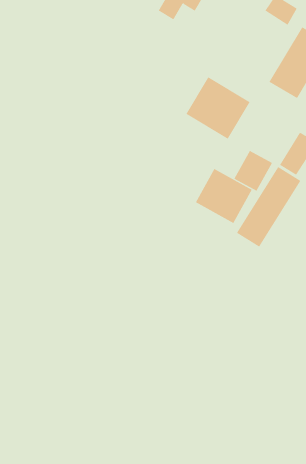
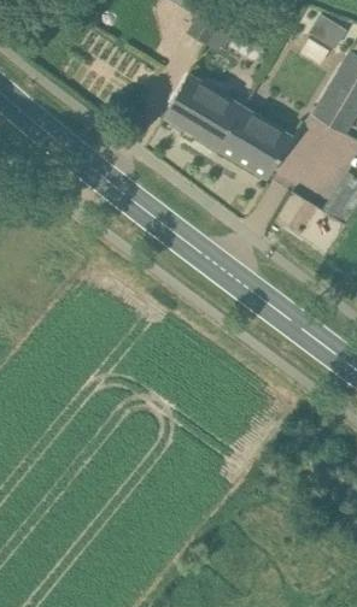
building: none -> [163,75,244,151]
building: [236,166,301,247] -> none
building: [195,168,253,224] -> none

